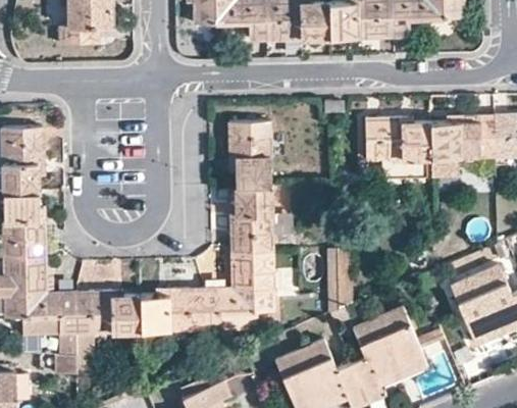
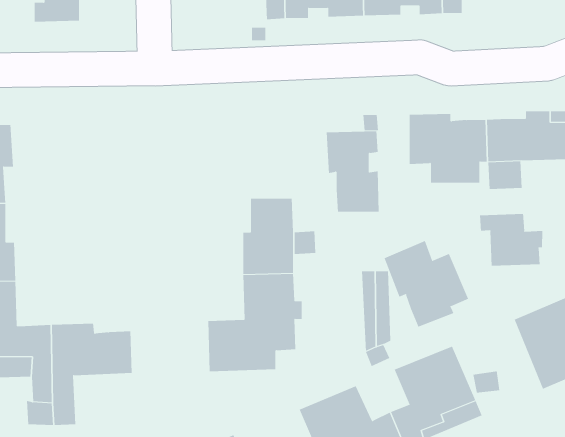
building: [227,120,271,187] -> [326,131,380,212]
building: none -> [479,213,543,267]
building: none -> [384,240,469,327]
building: [140,287,203,329] -> none

